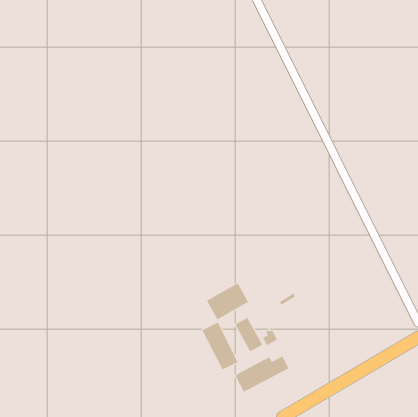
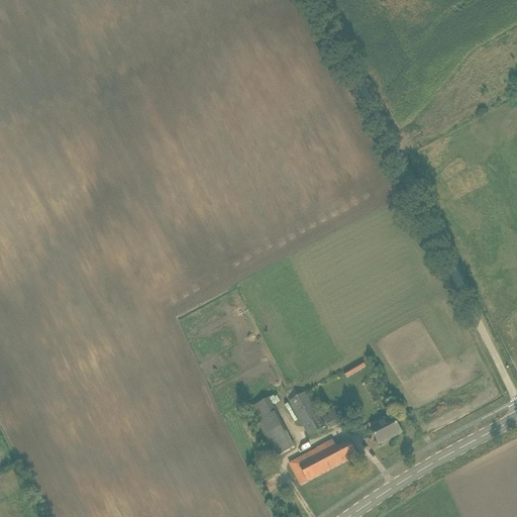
building: [206,283,249,320] -> none
building: none -> [370,416,400,443]

